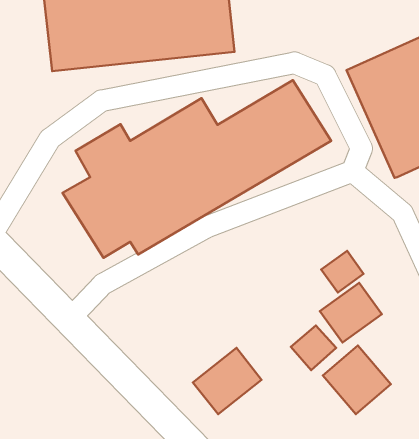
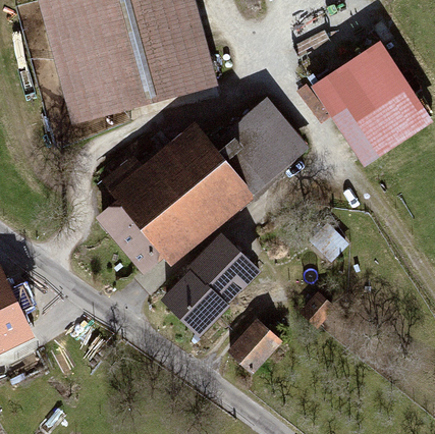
building: none -> [159,235,261,337]
building: [320,283,382,342] -> none
building: [323,346,391,414] -> none

